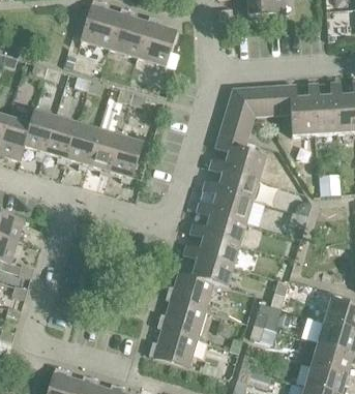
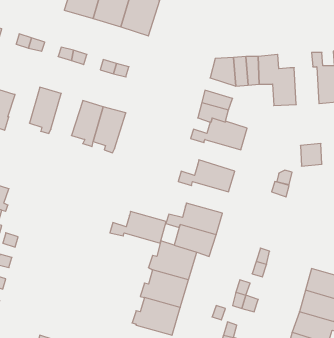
building: [307,82,337,133] -> none
building: [24,110,56,156] -> none
building: [67,122,99,170] -> none
building: [202,169,259,201] -> none
building: [189,211,246,243] -> [110,211,166,243]

